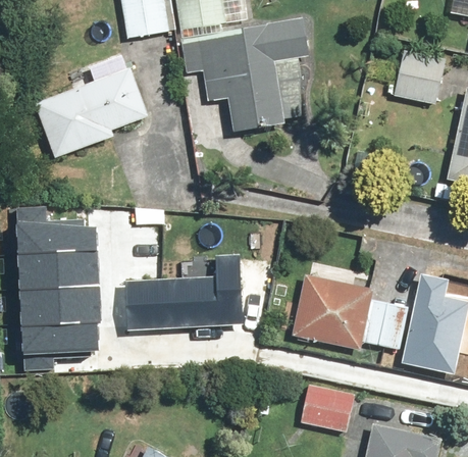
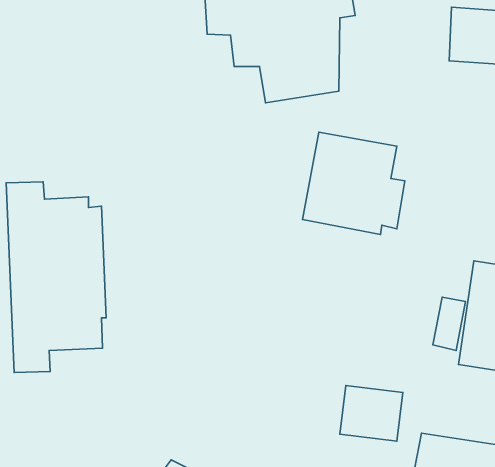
building: [40,57,153,157] -> none
building: [127,254,238,329] -> none
building: [296,261,385,351] -> [303,132,405,234]

